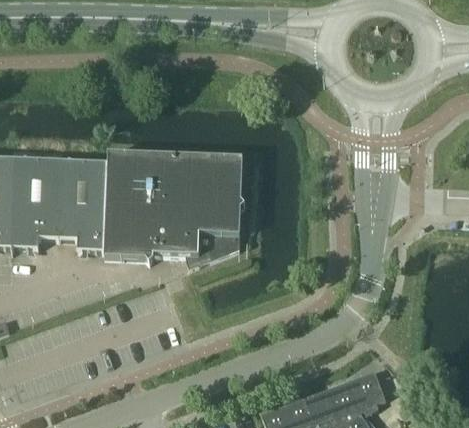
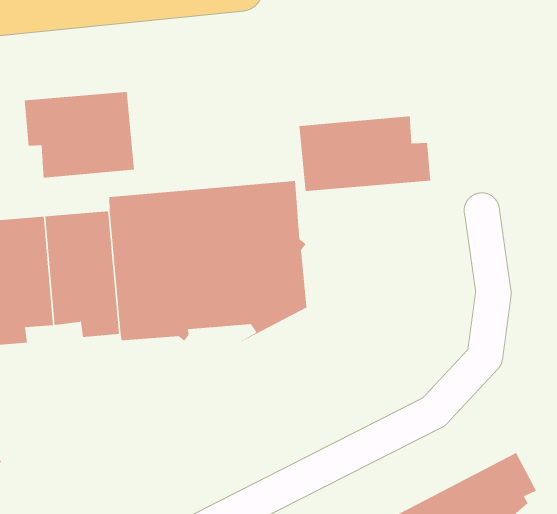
building: none -> [24,91,135,179]
building: none -> [299,115,431,192]

